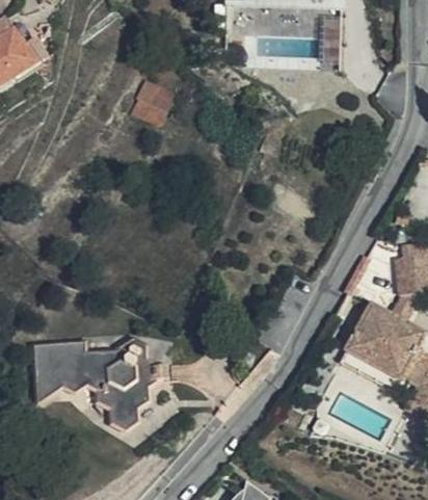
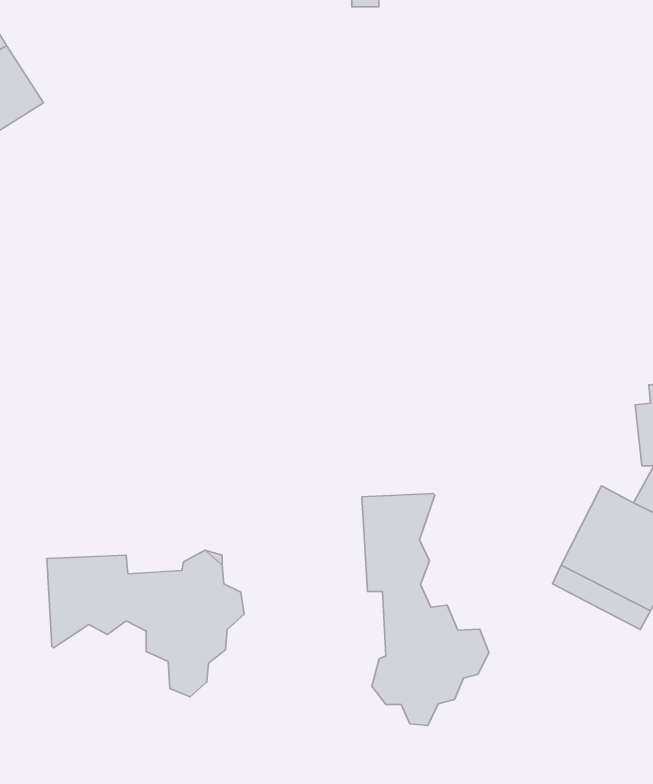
building: [127,77,170,122] -> none
building: none -> [362,493,489,725]

